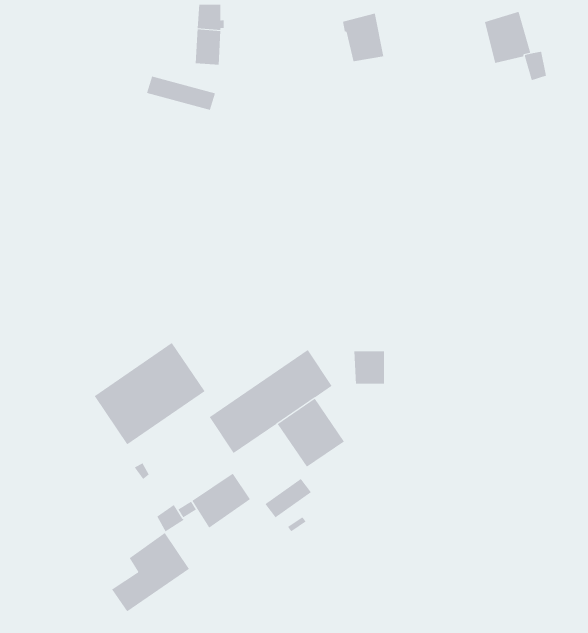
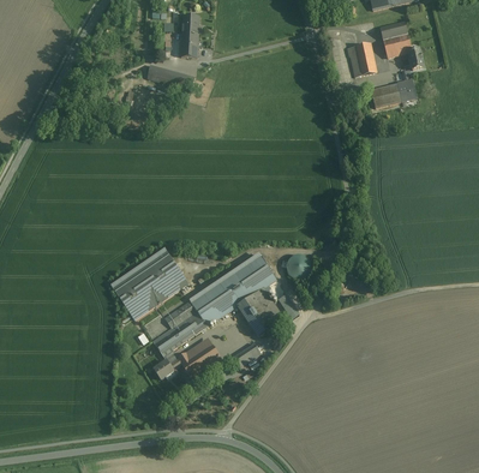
building: [342,13,384,62] -> [347,42,376,76]
building: none -> [370,79,415,107]
building: [111,532,190,612] -> [152,300,206,355]

